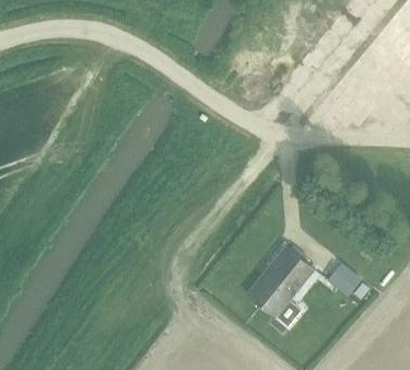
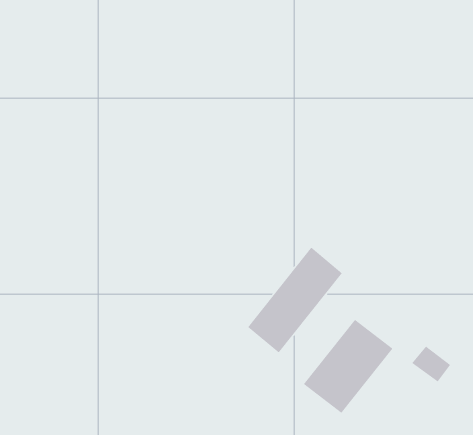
building: none -> [247,247,343,354]

